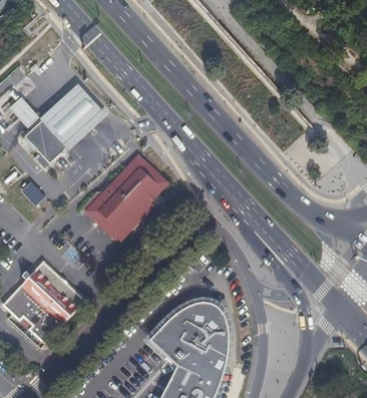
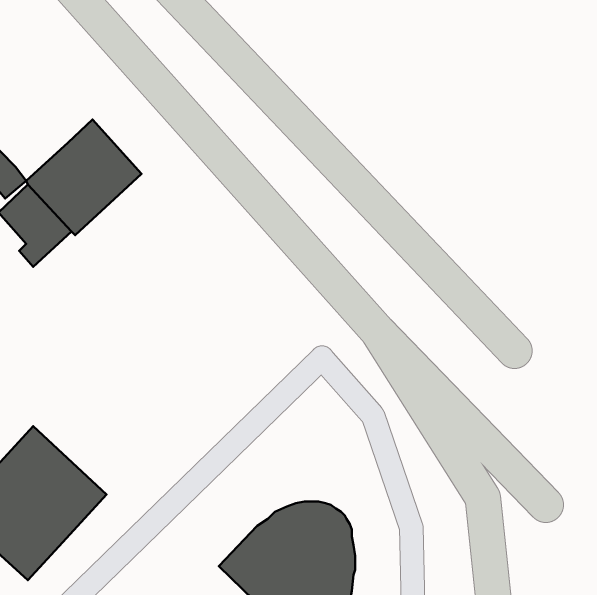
building: [82,156,165,241] -> none

